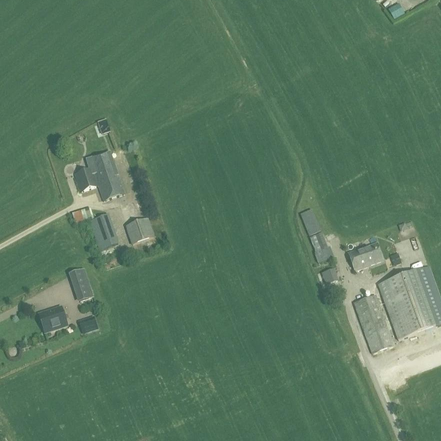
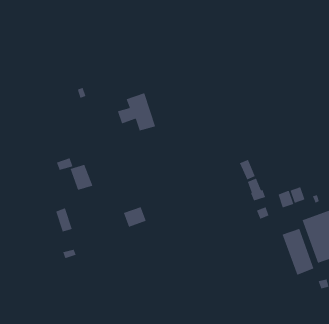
building: [74,150,123,199] -> [117,92,156,132]
building: [124,217,154,244] -> [123,206,147,228]
building: [38,306,66,331] -> none

